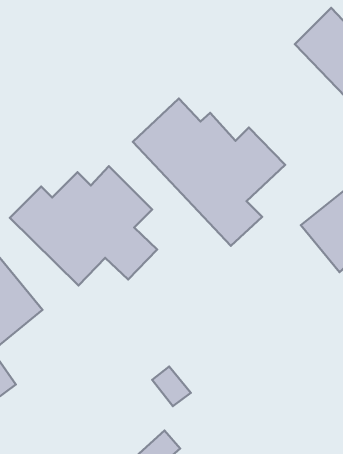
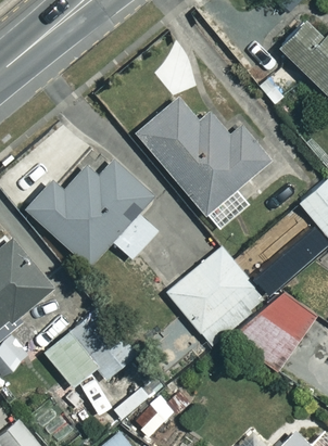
building: none -> [166,246,265,345]
building: none -> [237,288,315,369]
building: none -> [43,308,140,387]

